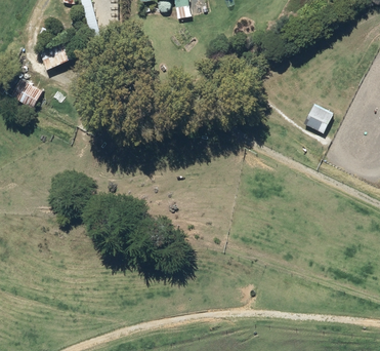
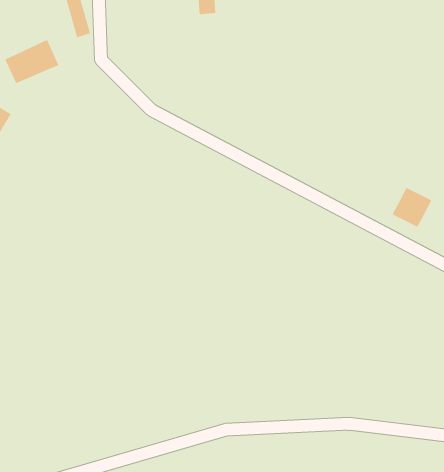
building: [304,105,333,133] -> [392,187,432,228]

